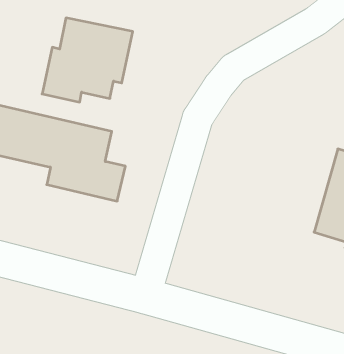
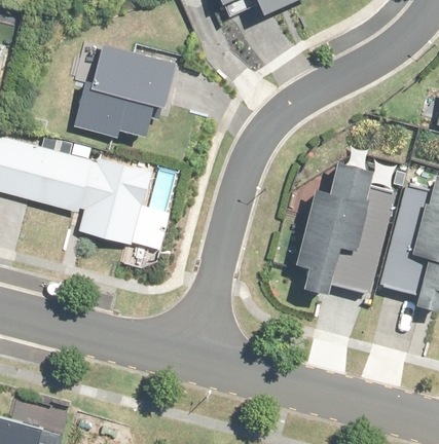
building: none -> [294,162,399,295]

